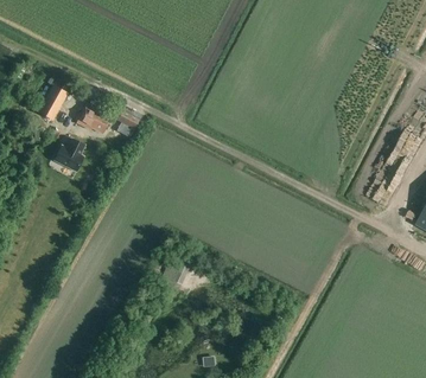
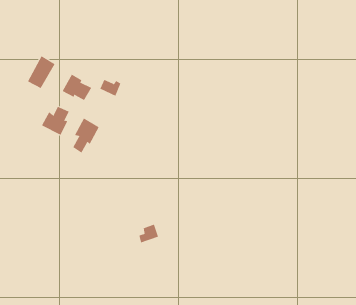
building: none -> [73,118,99,153]

